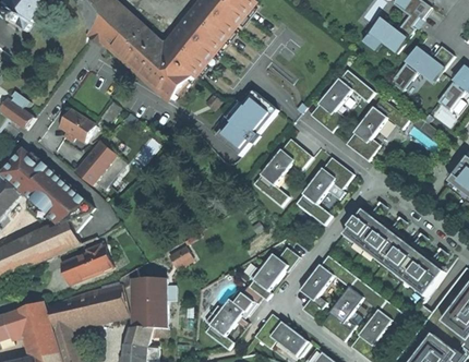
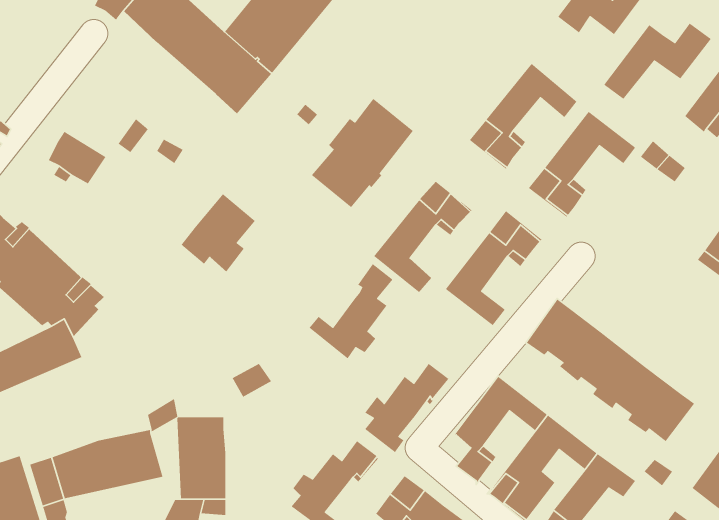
building: [77,143,122,190] -> [180,193,256,272]
building: none -> [309,262,393,359]
building: [60,244,112,285] -> none

